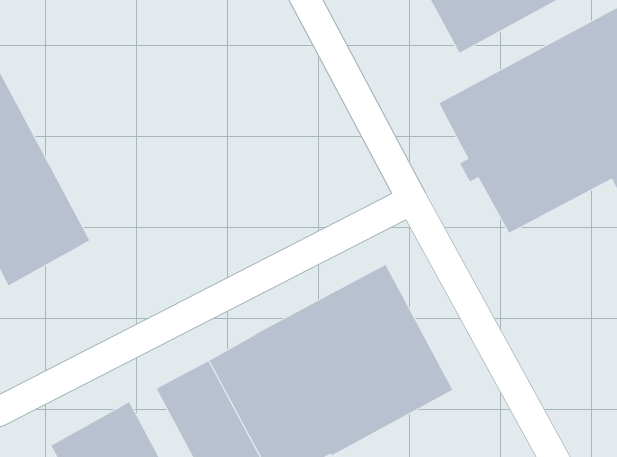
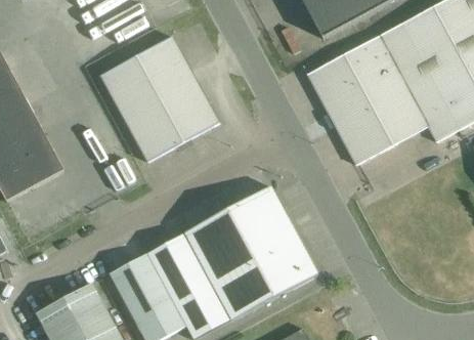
building: none -> [101,37,220,162]

